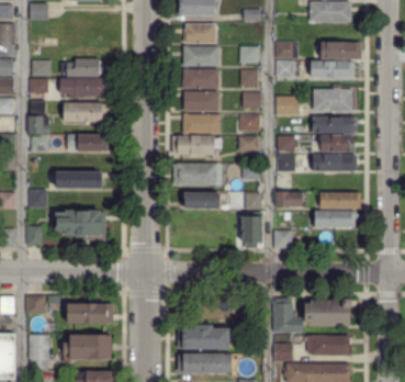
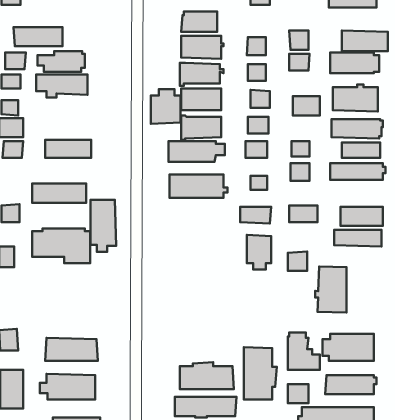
building: none -> [151,89,181,124]
building: [64,104,105,121] -> [14,27,62,46]
building: none -> [90,200,116,252]
building: [183,190,218,207] -> none
building: none -> [315,267,347,312]
building: none -> [244,347,277,399]

